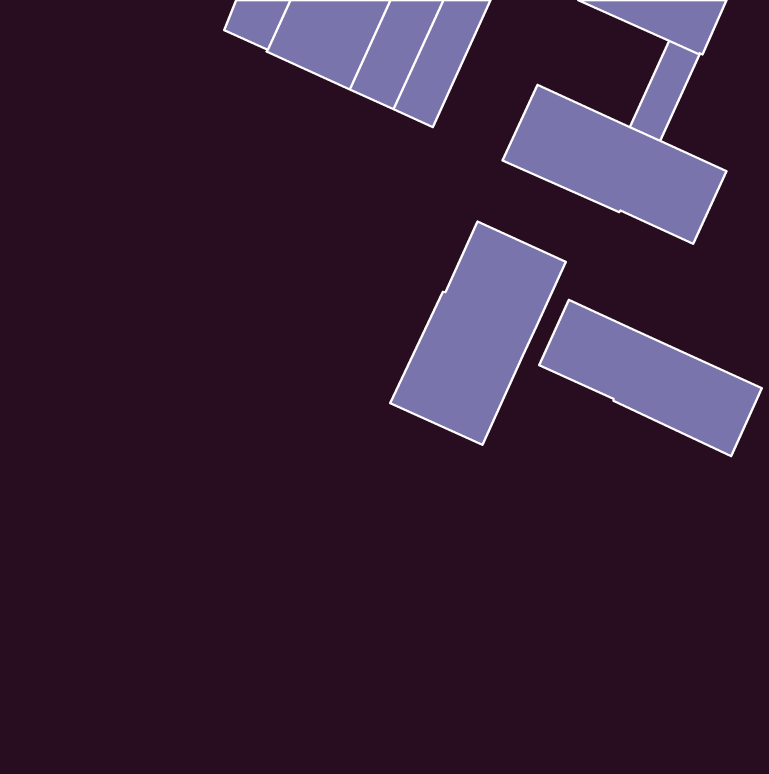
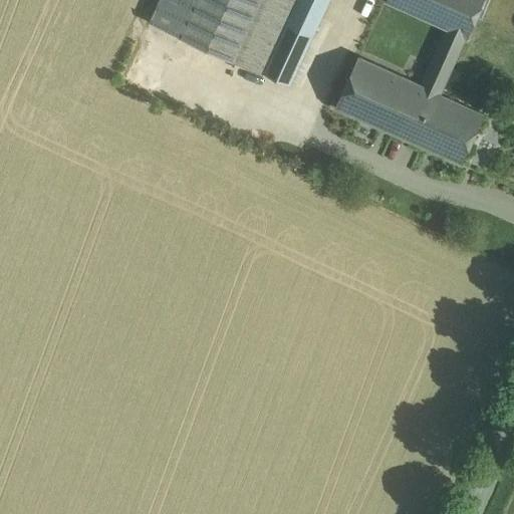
building: [390,222,566,445] -> none
building: [539,300,762,456] -> none

